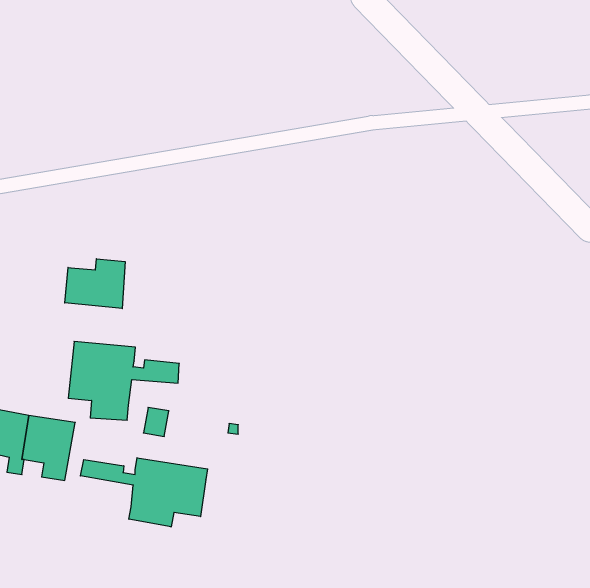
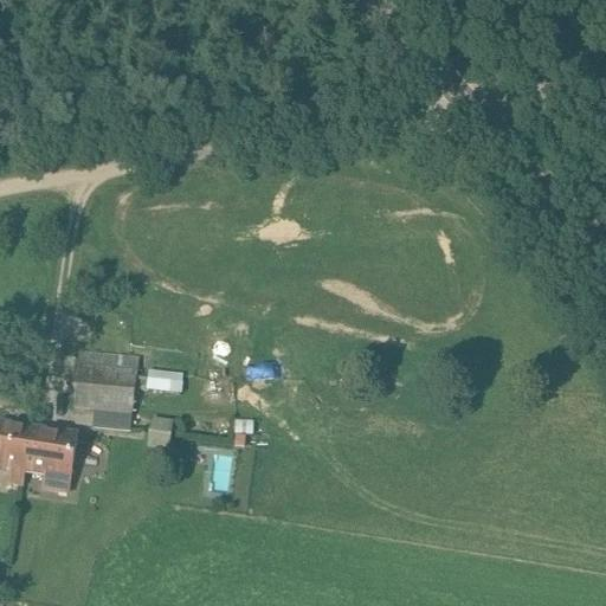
building: [65,259,125,309] -> none
building: [80,458,208,527] -> none

